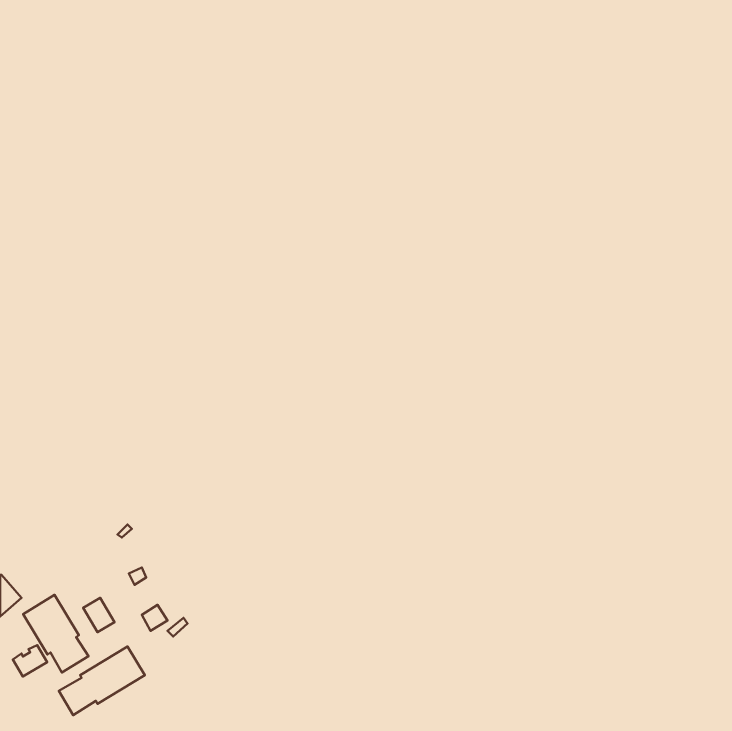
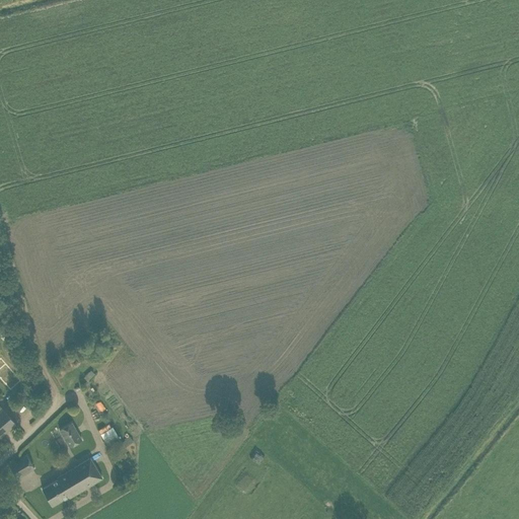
building: [23,595,89,672] -> none

